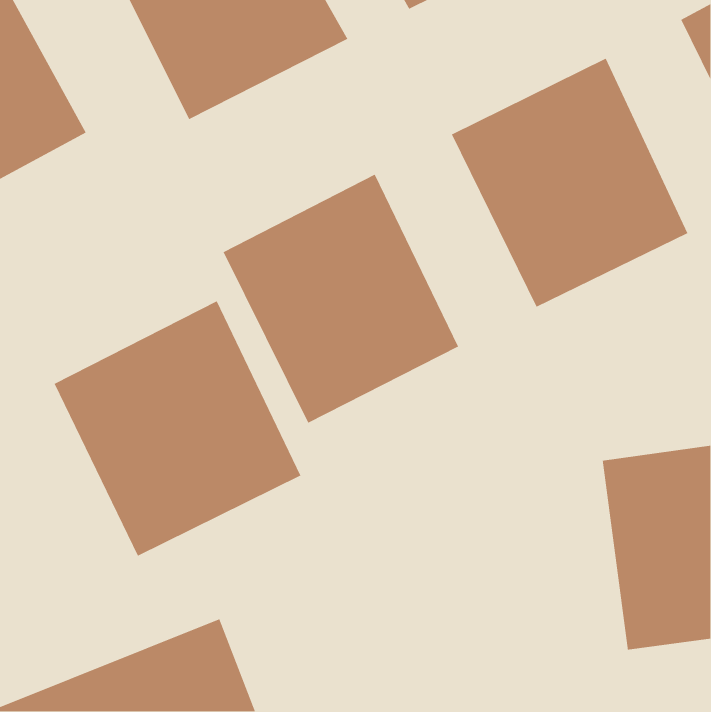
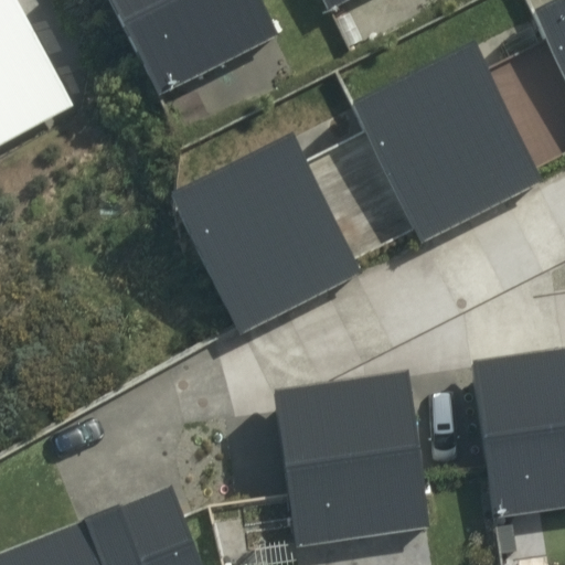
building: [54,300,302,557] -> none
building: none -> [274,375,431,545]

